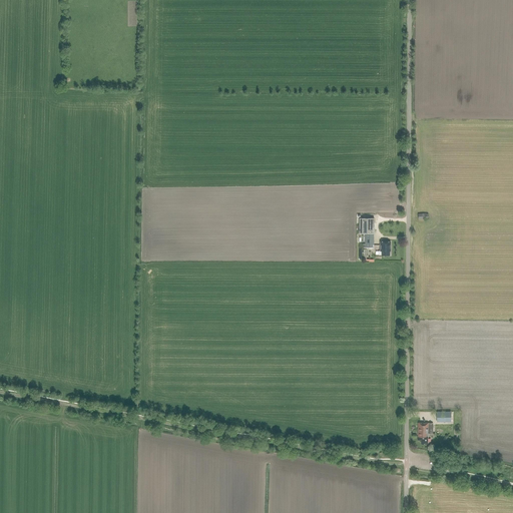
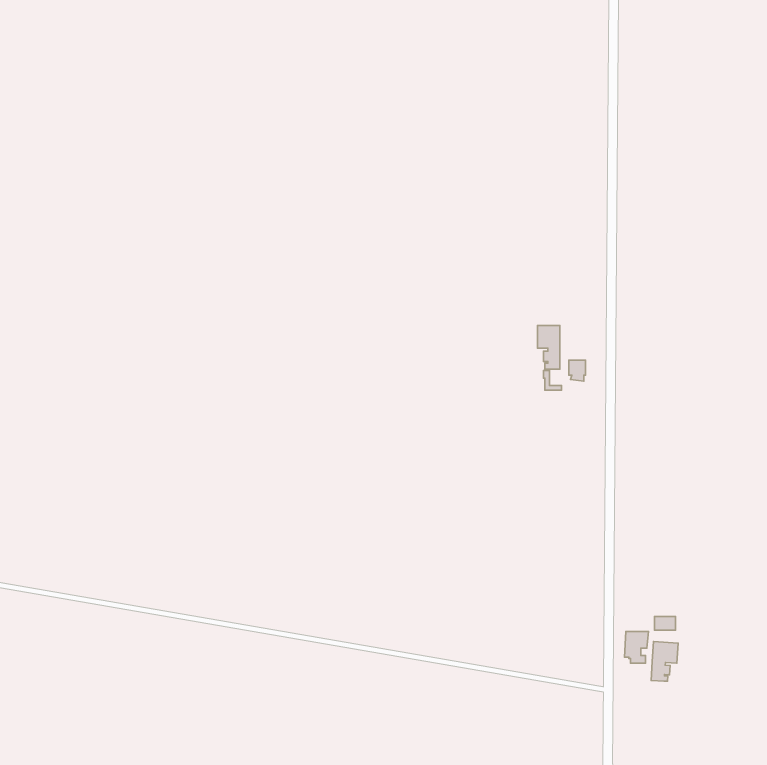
building: none -> [651,642,678,681]

